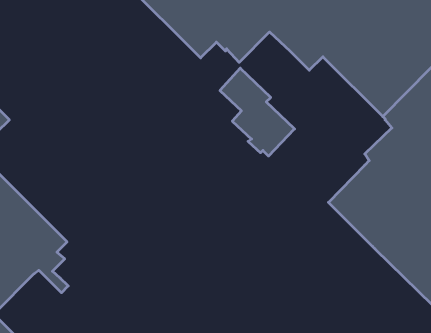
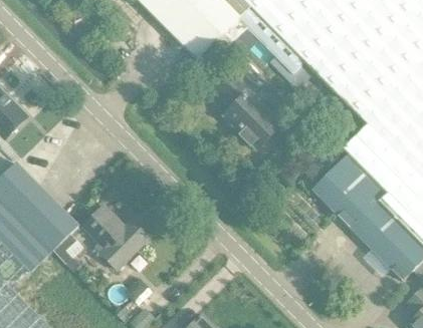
building: none -> [82,206,148,269]

